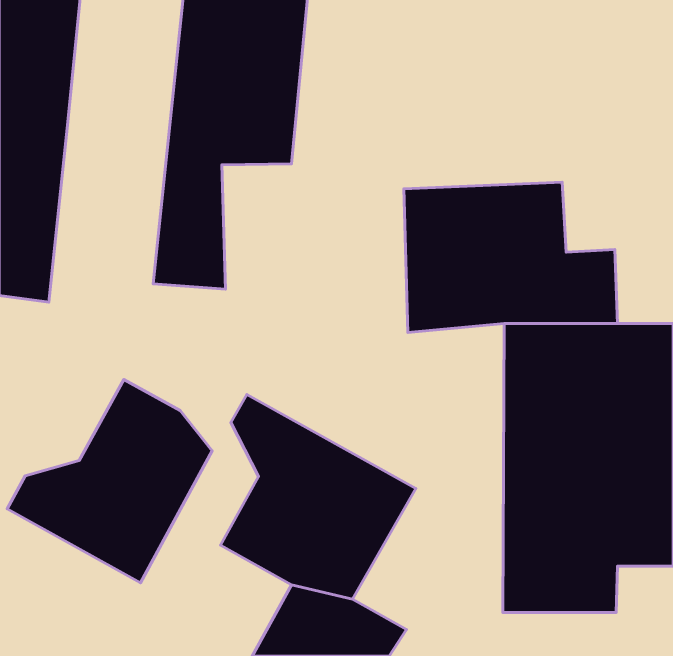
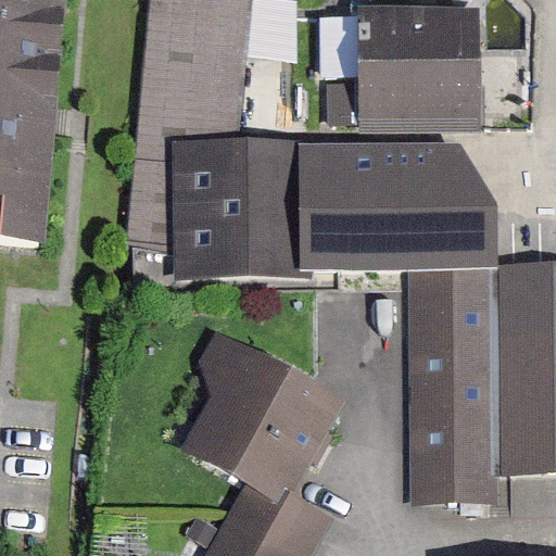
building: none -> [320,7,483,118]
building: none -> [182,131,336,278]
building: [7,379,212,583] -> none

